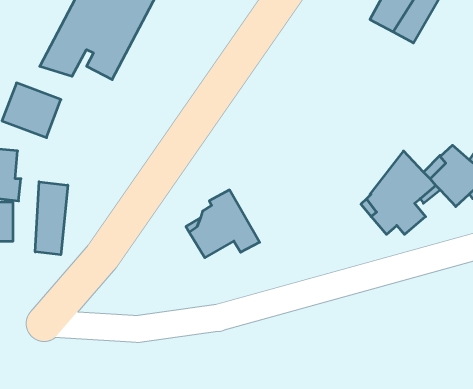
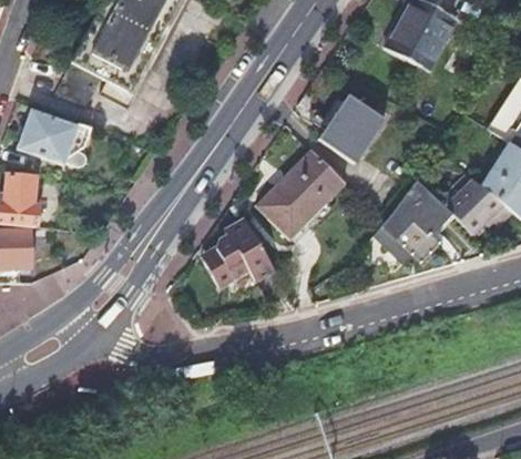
building: none -> [319,93,386,161]
building: none -> [256,147,346,238]
building: [35,182,68,255] -> none

